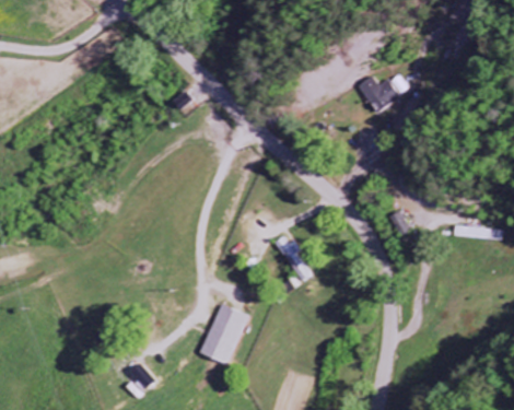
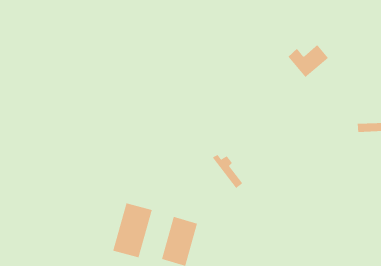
building: [358,73,407,112] -> [287,44,329,78]
building: none -> [113,203,153,258]

